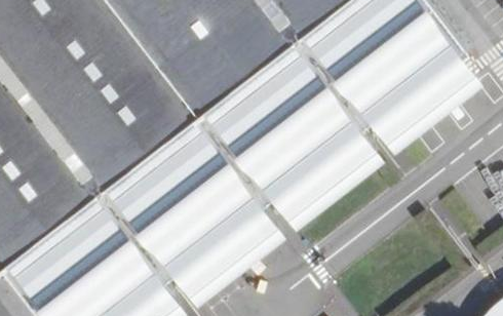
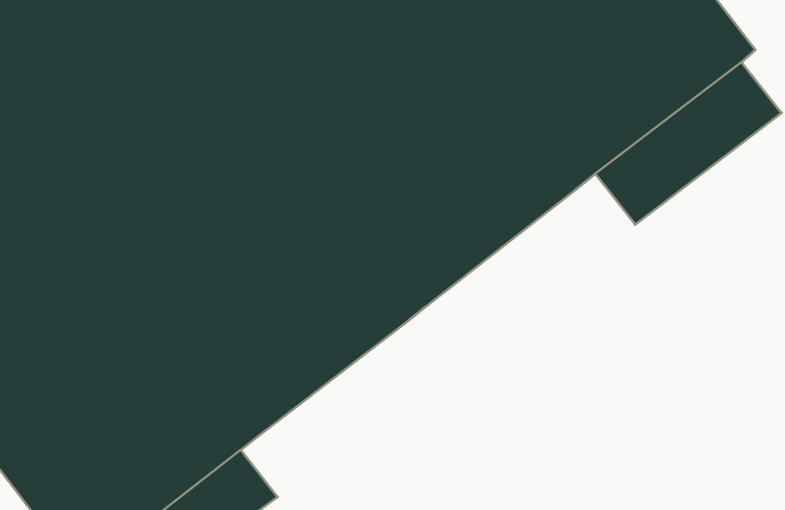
building: [268,126,379,222] -> none
building: [169,203,278,298] -> none

